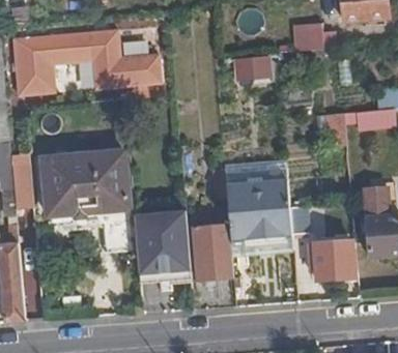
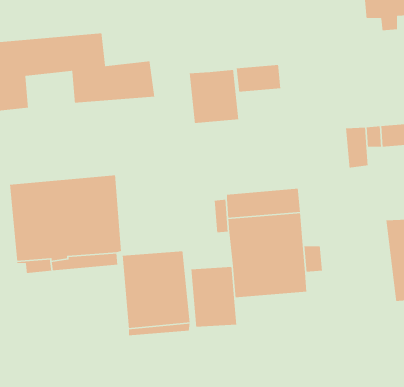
building: [293,19,333,45] -> none
building: none -> [189,69,239,124]
building: [305,237,351,278] -> none

